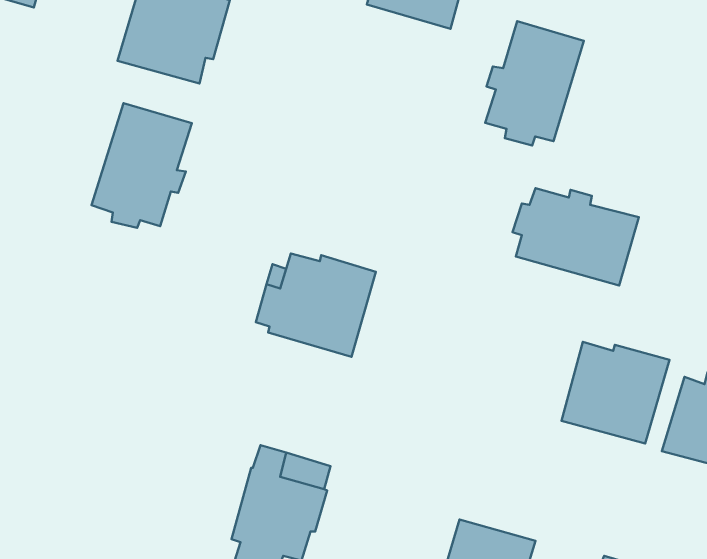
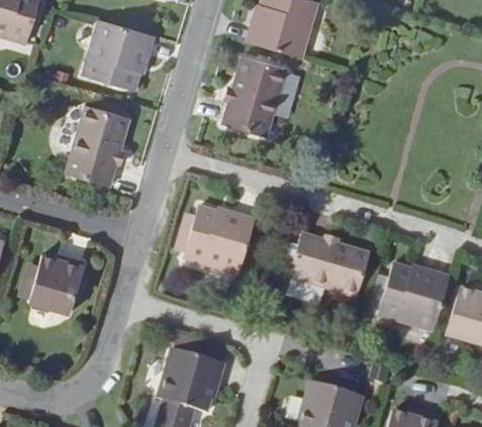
building: [485,21,584,146] -> [222,57,288,139]
building: [513,188,639,285] -> [285,235,369,300]
building: none -> [27,254,82,313]

